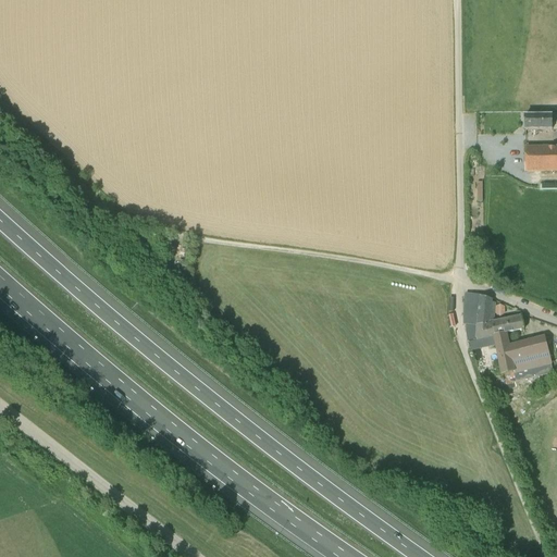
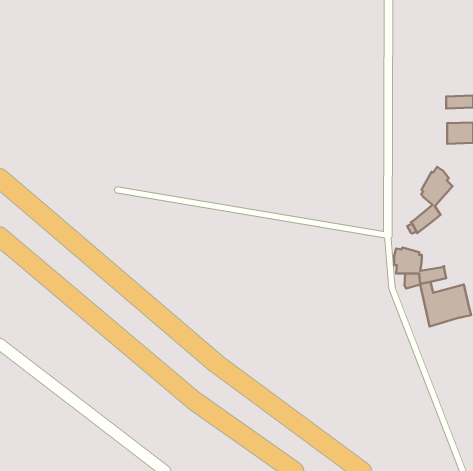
building: none -> [411,167,453,233]

